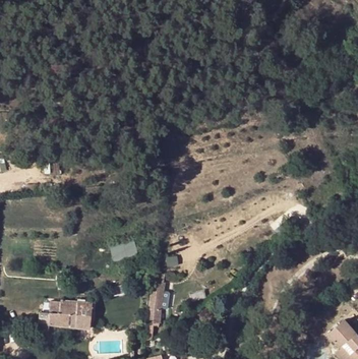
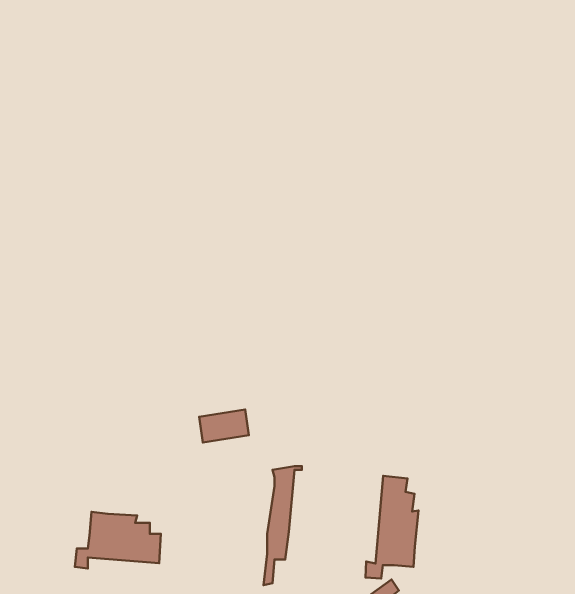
building: none -> [366,476,418,578]

